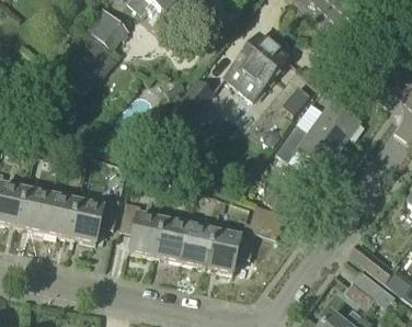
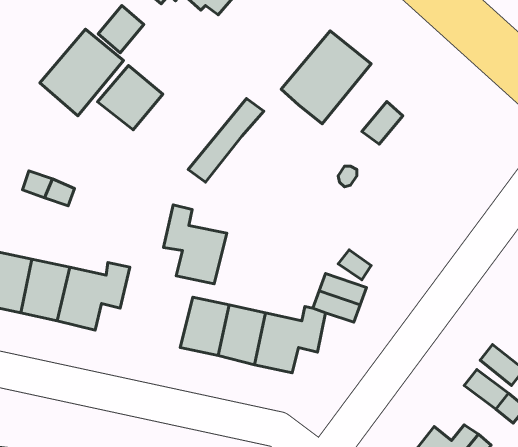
building: none -> [98,66,163,130]
building: [275,93,359,168] -> none
building: [119,200,163,255] -> [164,205,227,284]

